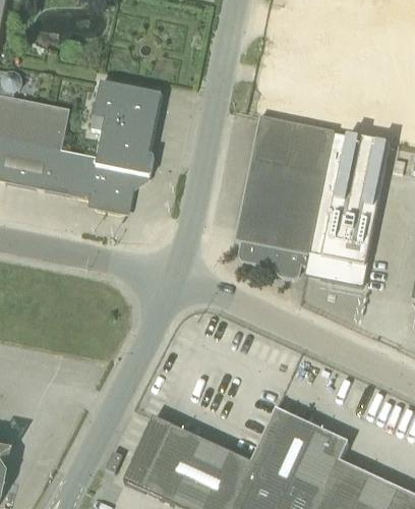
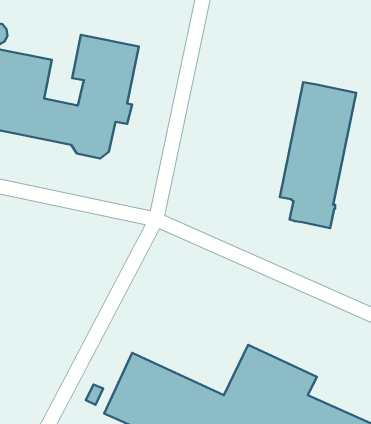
building: [235,116,334,277] -> none

